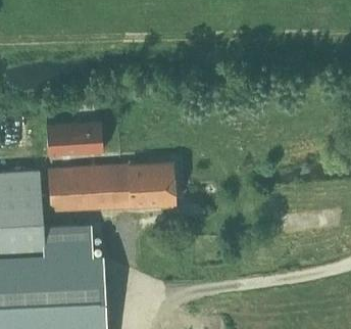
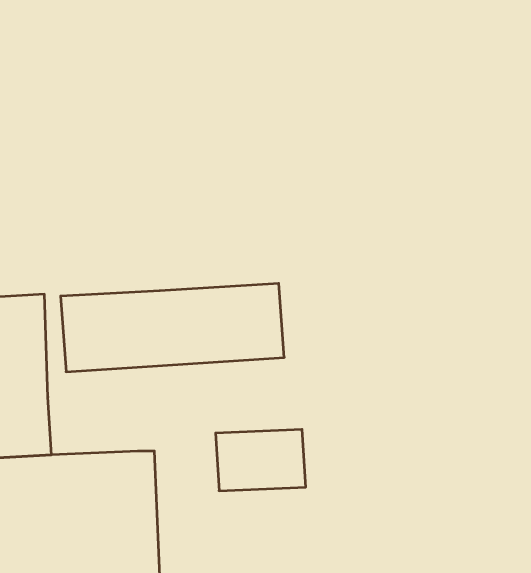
building: [48,123,104,157] -> none
building: [43,226,94,261] -> [216,429,306,491]

